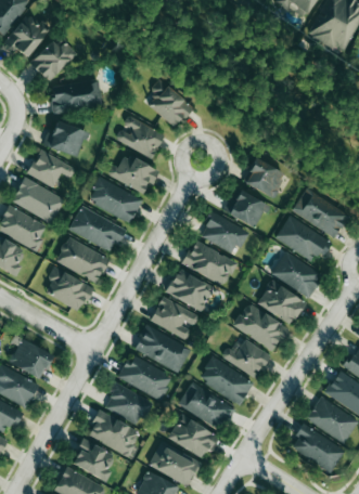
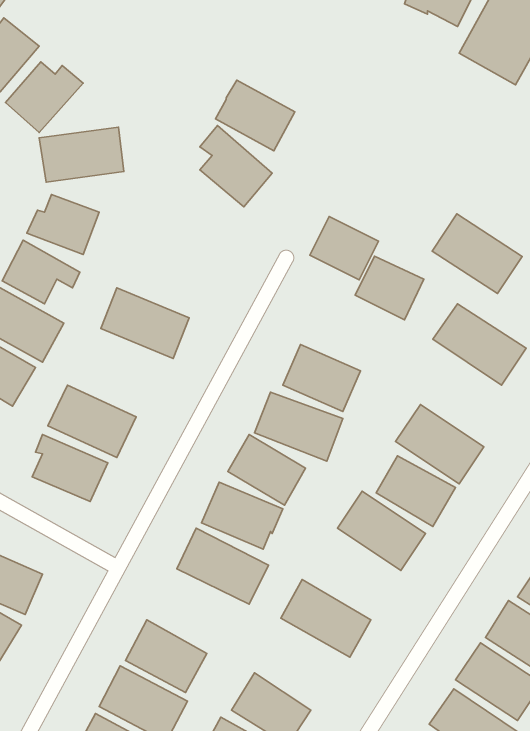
building: [116,116,165,159] -> [216,80,295,151]
building: [107,155,158,193] -> none
building: [226,190,268,229] -> [310,216,379,280]
building: [68,206,127,251] -> none
building: [274,216,330,264] -> [432,214,522,293]
building: [220,340,269,377] -> none
building: [119,356,174,400] -> none
building: [179,382,234,430] -> none

